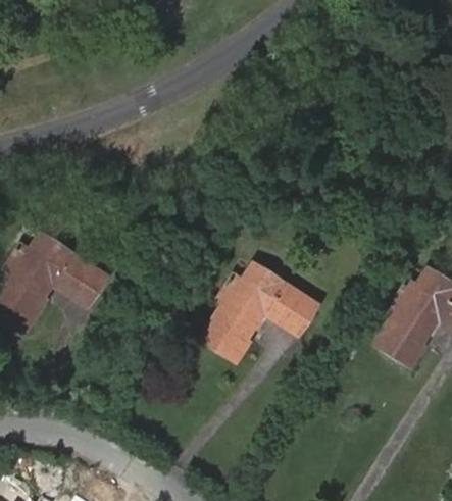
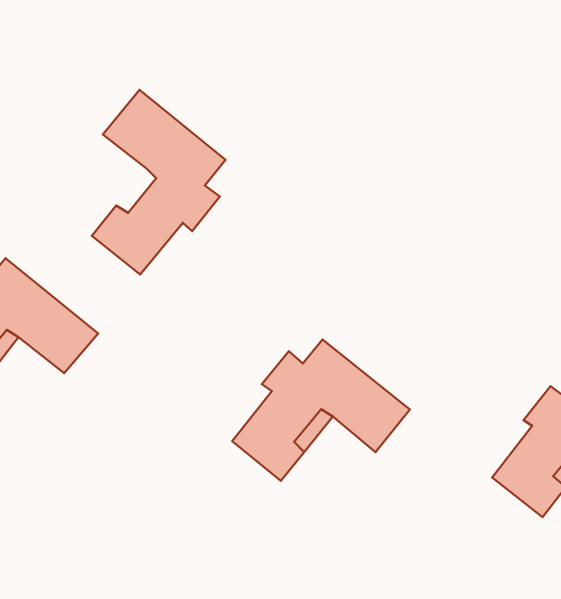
building: none -> [92,90,225,275]

